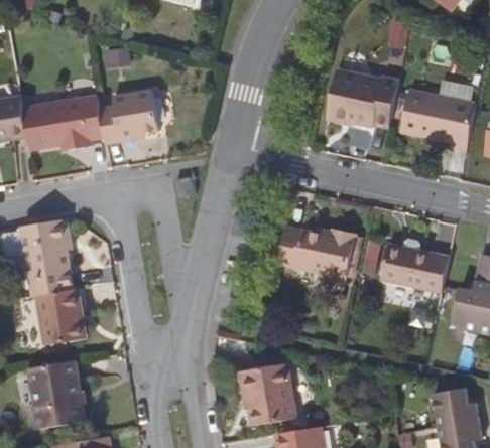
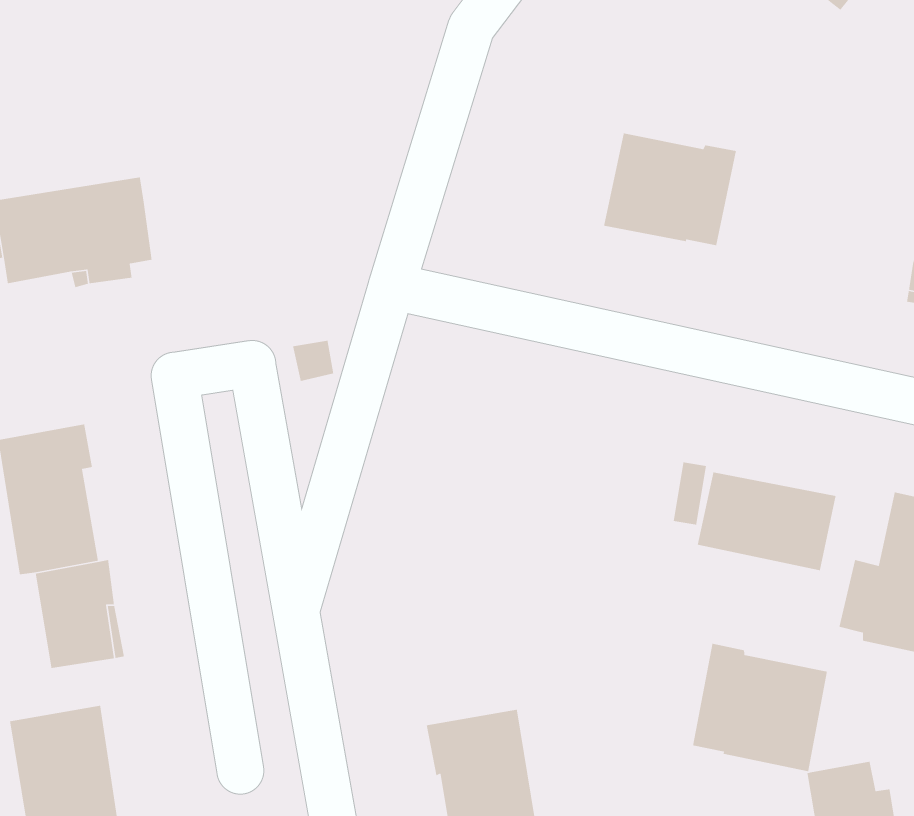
building: [98,91,158,142] -> none
building: [401,92,475,153] -> none
building: [276,225,352,276] -> none
building: none -> [692,643,828,772]

